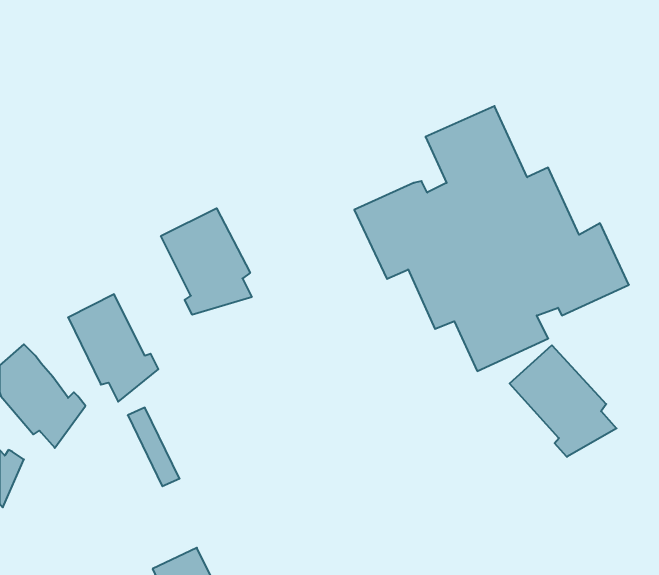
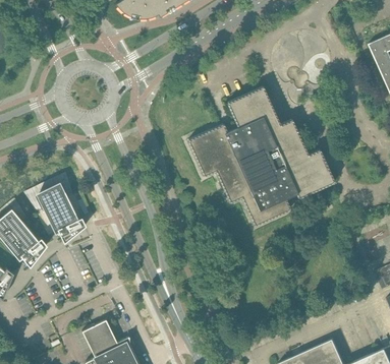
building: [161,208,252,315] -> none
building: [510,345,617,457] -> none

